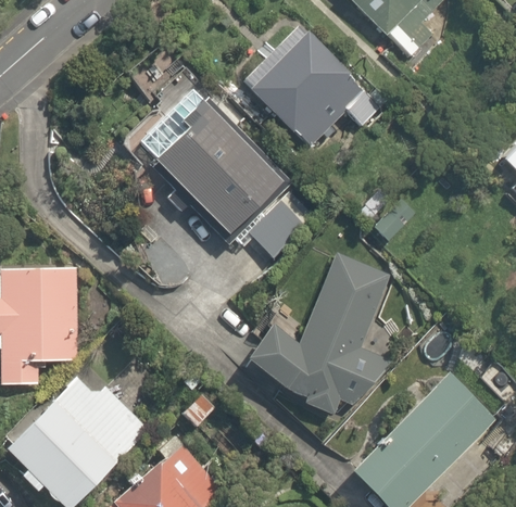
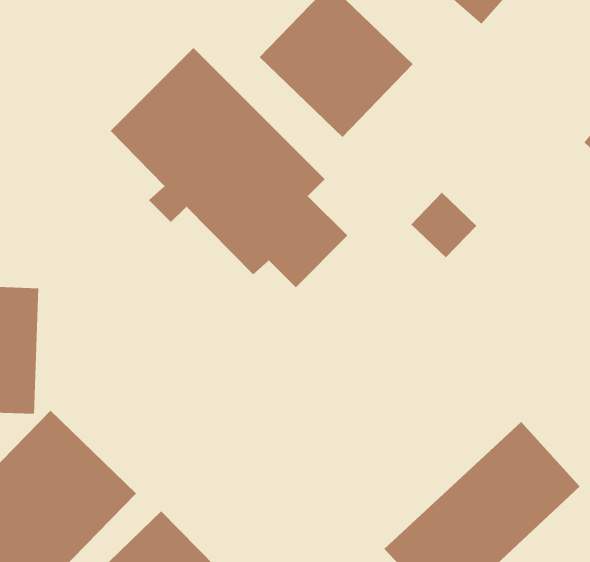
building: [248,248,399,417] -> none

